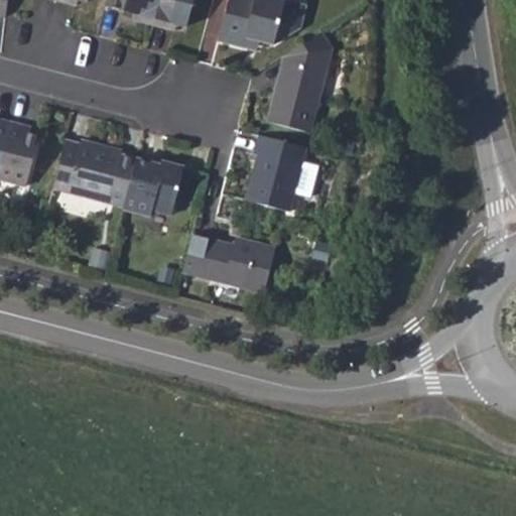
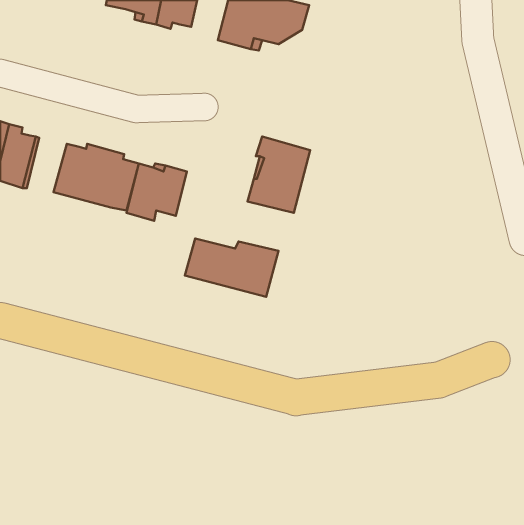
building: [266,31,334,132] -> none

